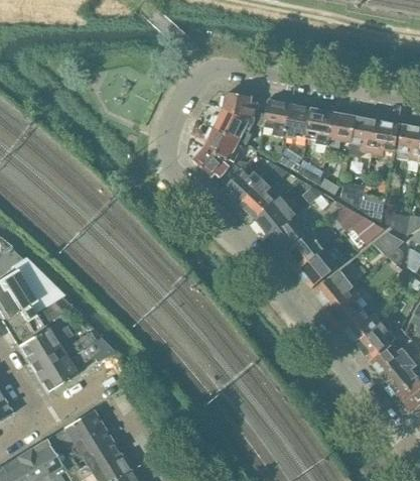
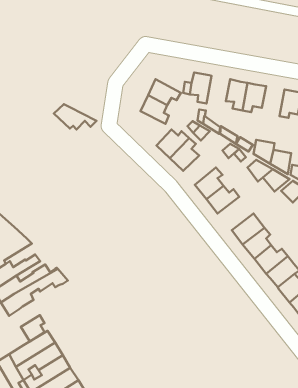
building: [223,92,257,124] -> none
building: [284,104,312,139] -> none
building: [348,116,378,156] -> none
building: [192,146,244,176] -> [54,104,97,129]
building: [256,196,295,235] -> none
building: [297,249,337,286] -> none
building: none -> [21,315,45,341]

